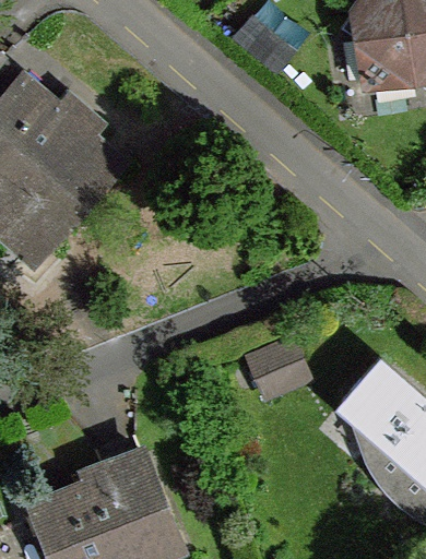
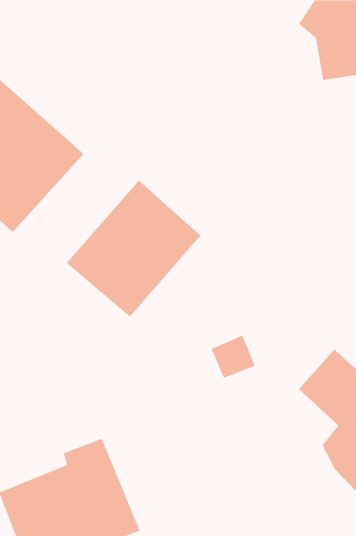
building: none -> [66,180,201,318]

